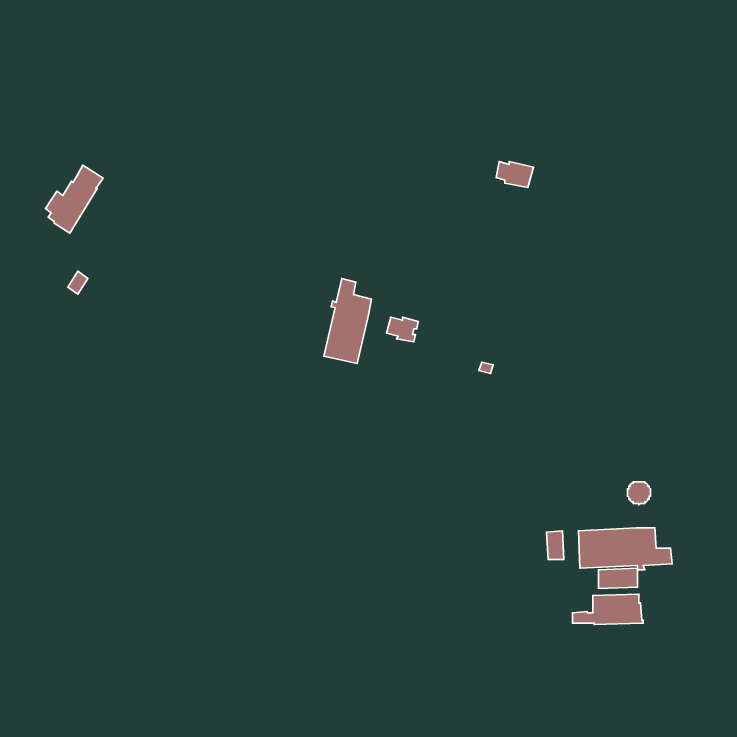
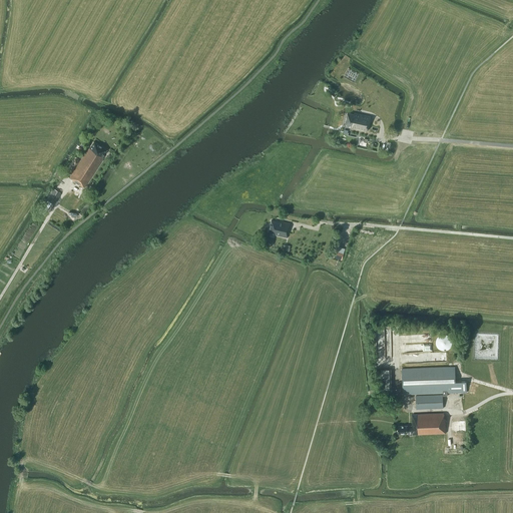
building: [45,165,103,233] -> [67,141,107,188]
building: [324,278,371,364] -> none

